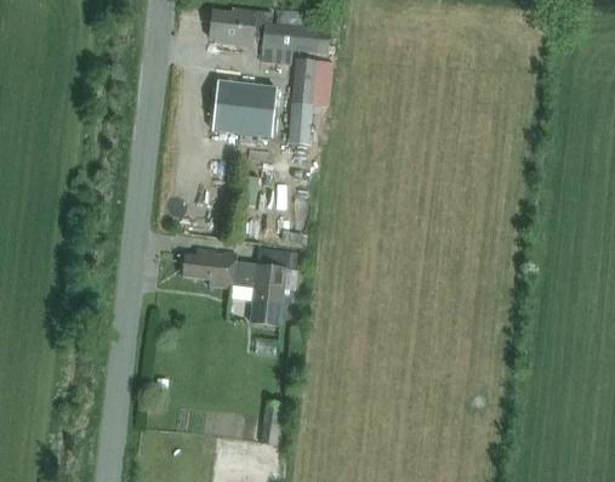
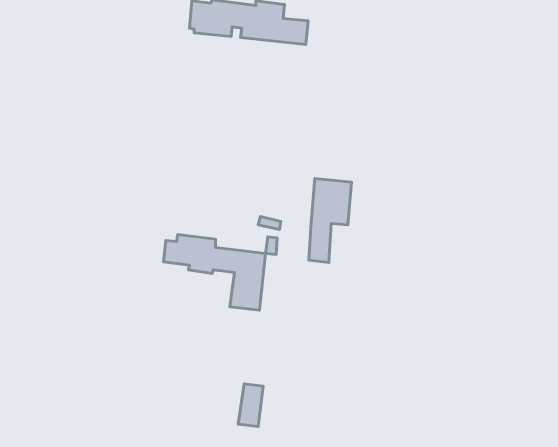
building: [289,58,332,144] -> [309,178,351,263]
building: [211,79,277,137] -> none

